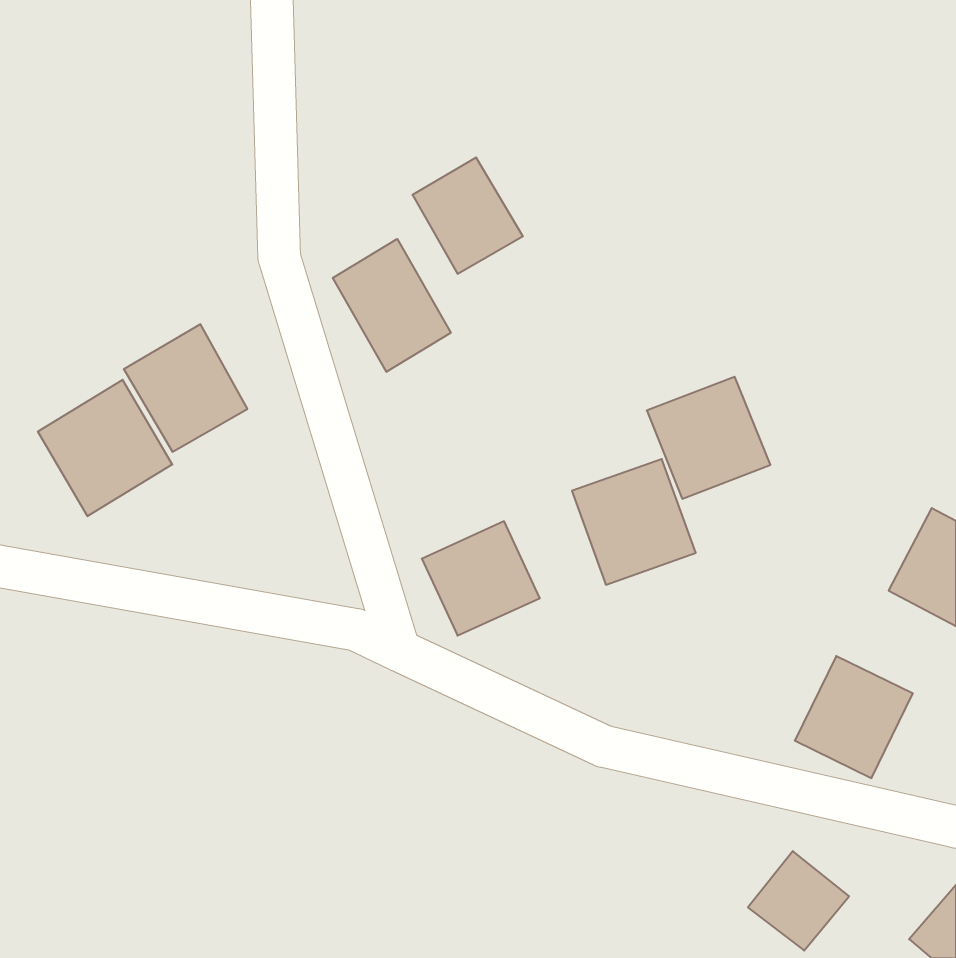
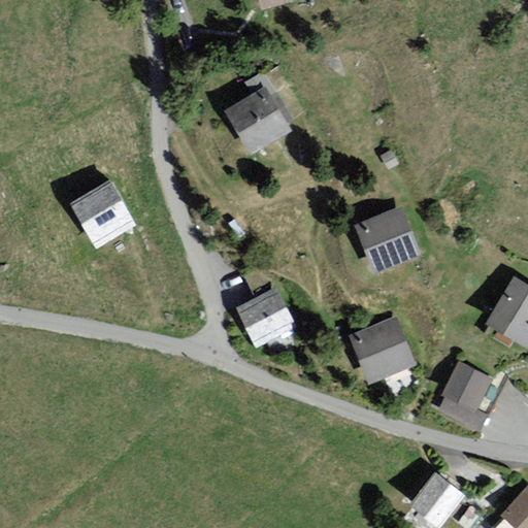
building: [333,239,451,372] -> none
building: [38,380,172,516] -> none
building: [572,459,696,585] -> [346,315,415,384]

